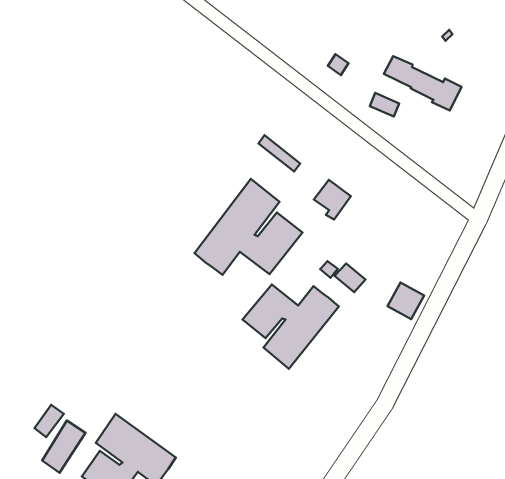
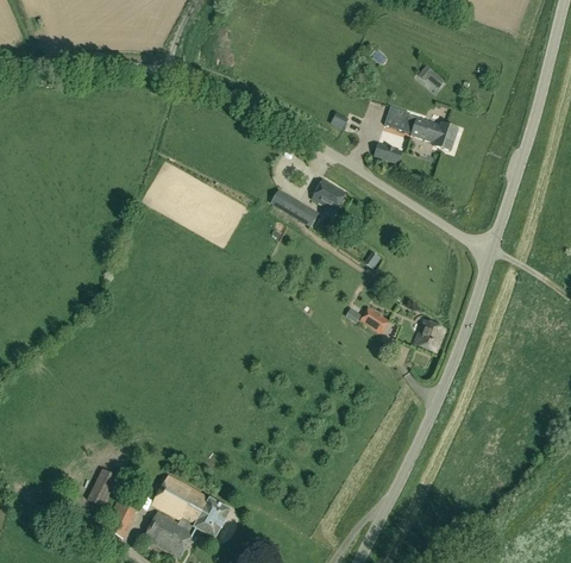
building: [194,179,302,275] -> none
building: [314,180,351,220] -> [312,179,346,215]
building: [243,284,339,369] -> none

